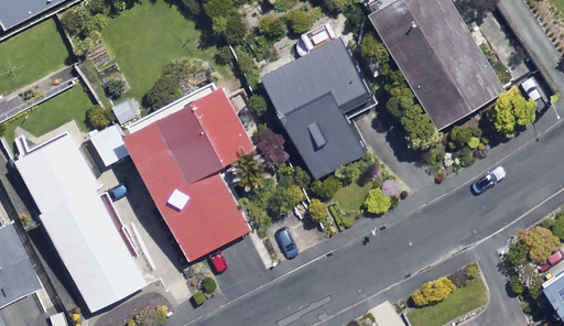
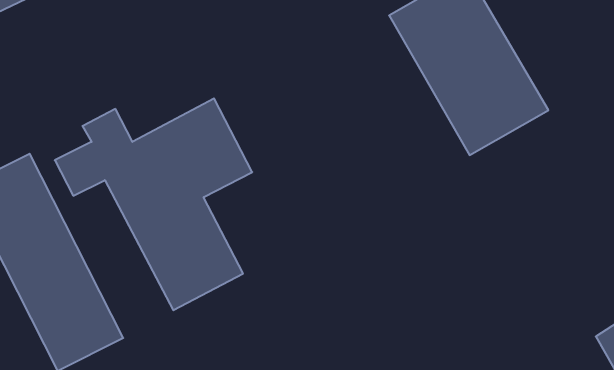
building: [260,35,368,180] -> none

